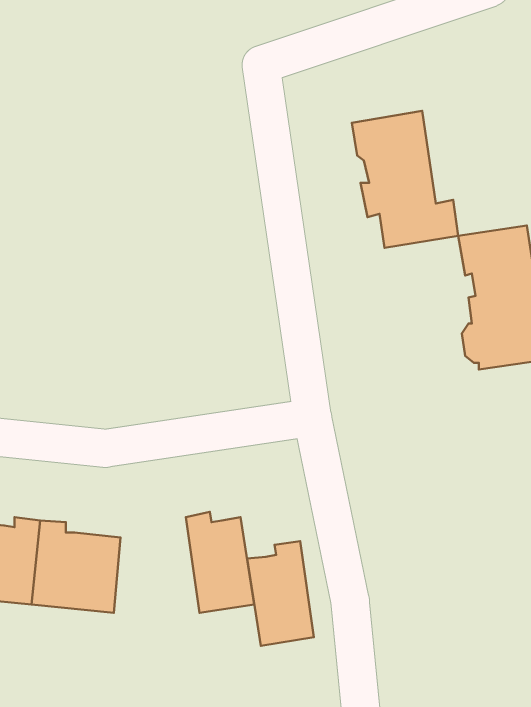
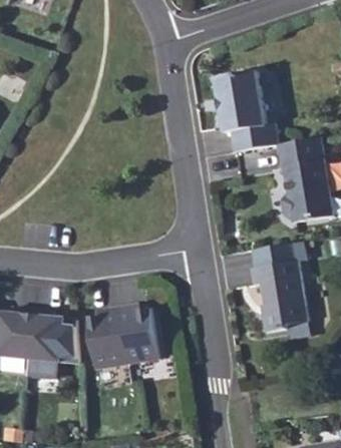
building: none -> [251,242,307,331]
building: [247,541,314,646] -> [86,308,125,369]

